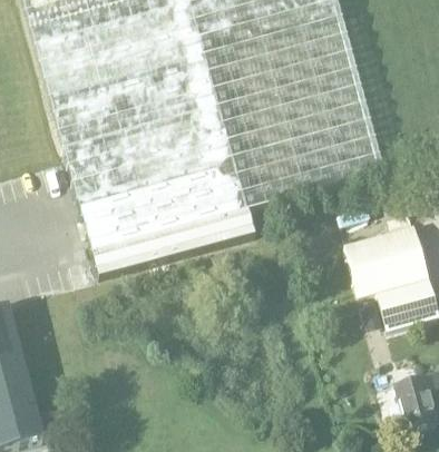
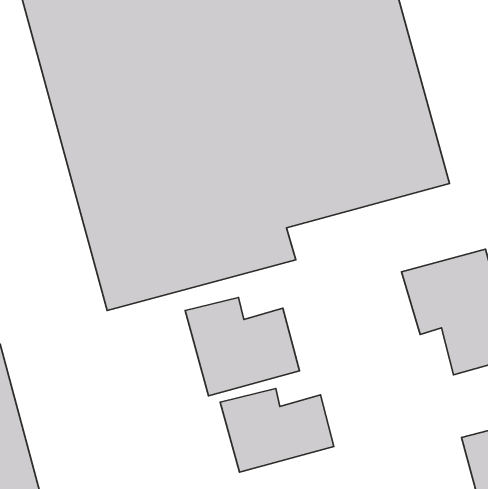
building: none -> [185,297,300,396]
building: none -> [220,388,334,472]

